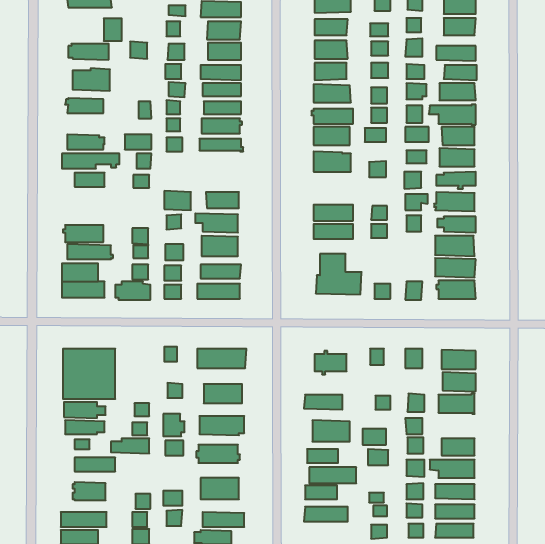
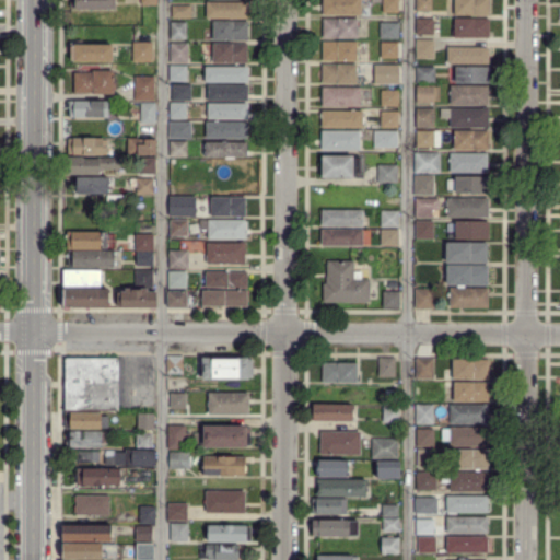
building: [104,18,122,41] -> [135,77,153,100]
building: none -> [441,427,487,445]

